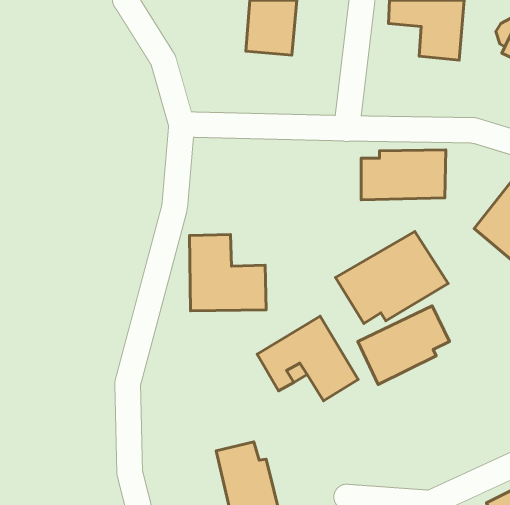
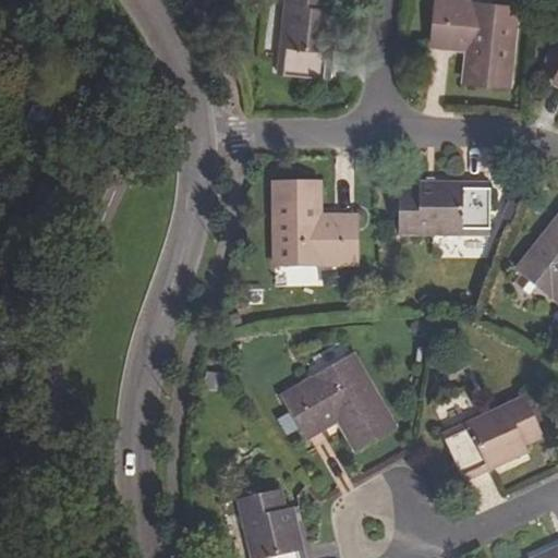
building: [336,231,448,324] -> none
building: [190,234,266,311] -> [274,182,355,264]
building: [358,306,450,384] -> [445,393,543,477]

